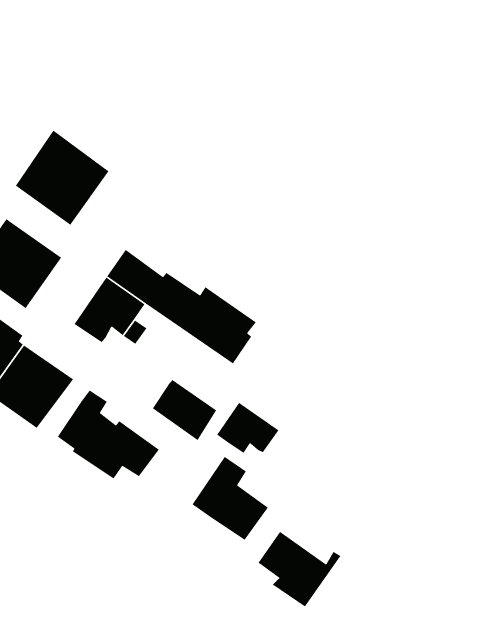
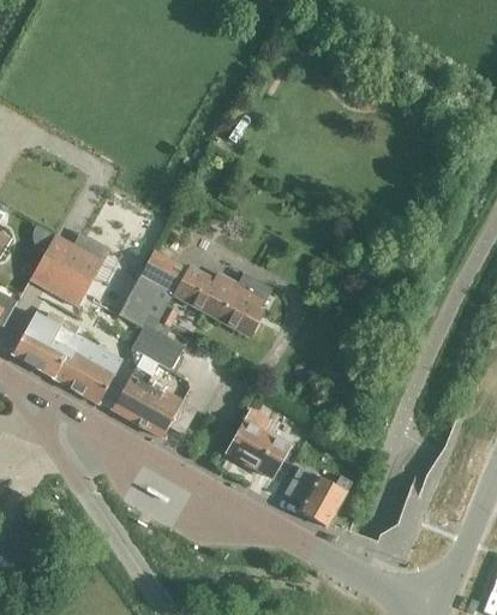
building: [15,129,109,226] -> none
building: [152,379,217,441] -> [131,322,184,370]
building: [216,402,279,454] -> none

